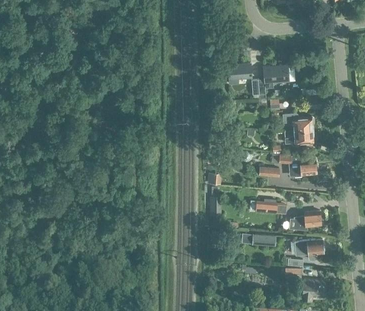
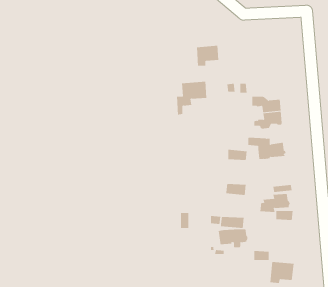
building: [257,65,288,99] -> [176,81,207,115]
building: [293,240,323,259] -> [218,229,248,248]

